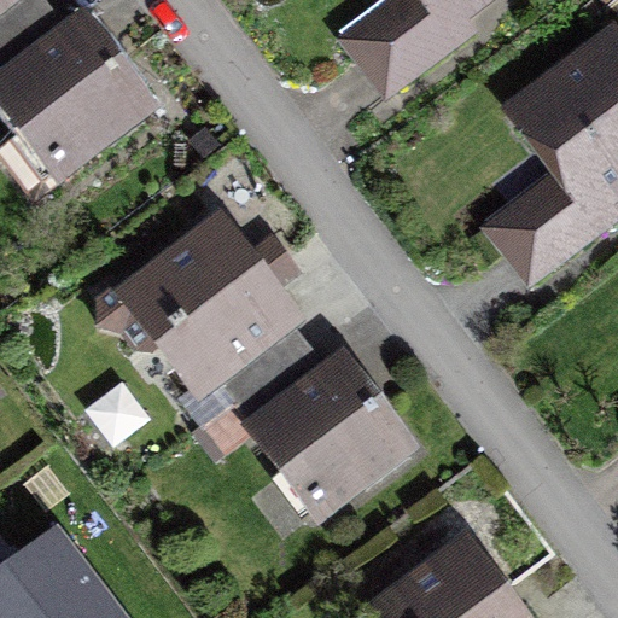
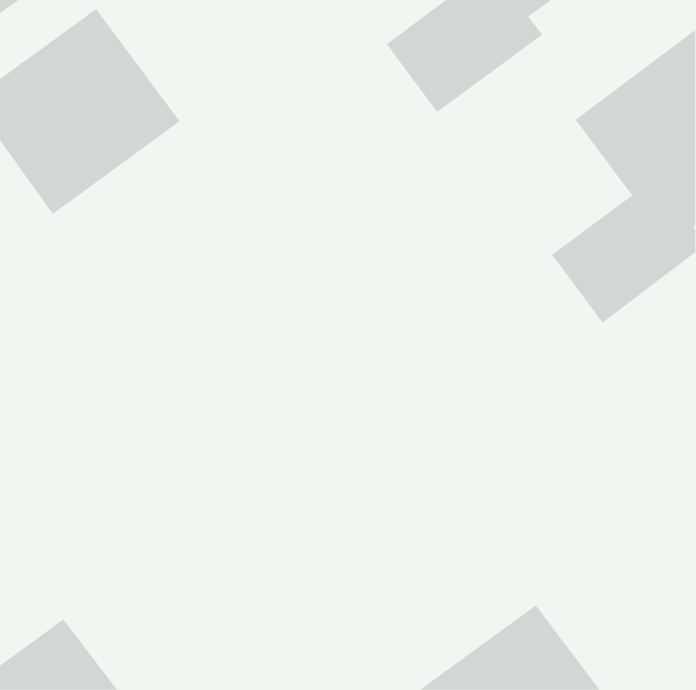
building: [138,234,308,398] -> none
building: [245,349,419,520] -> none

